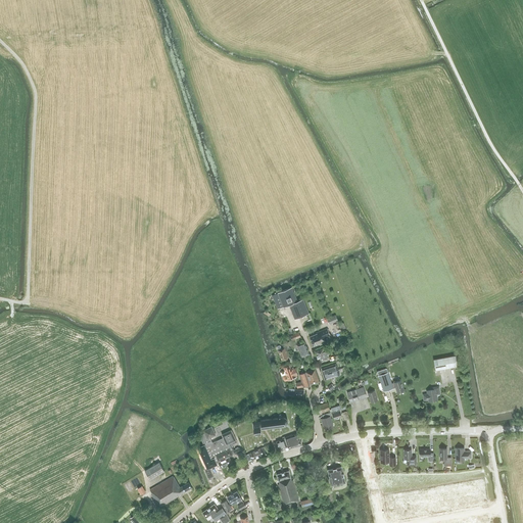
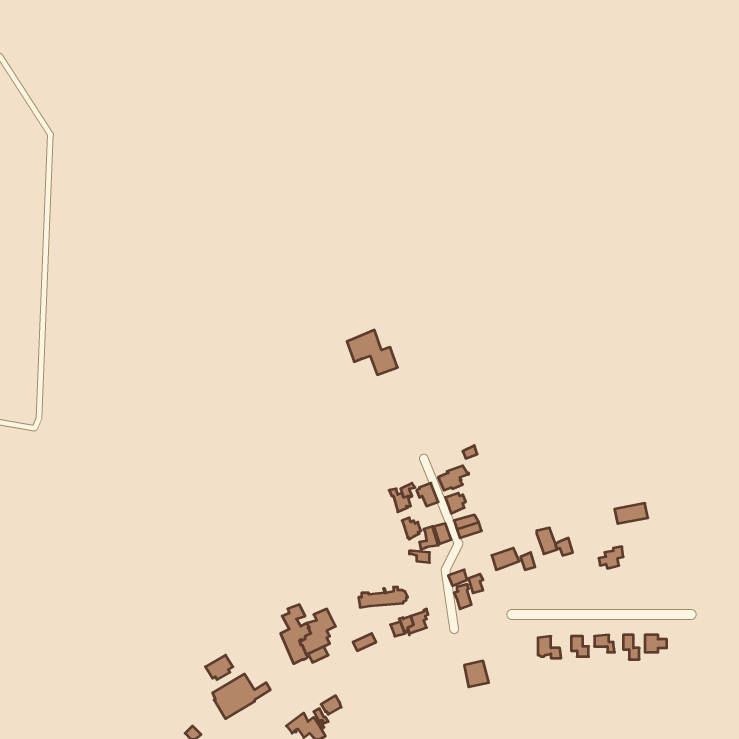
building: [273,287,308,319] -> [347,330,398,375]
building: [277,471,298,507] -> none

